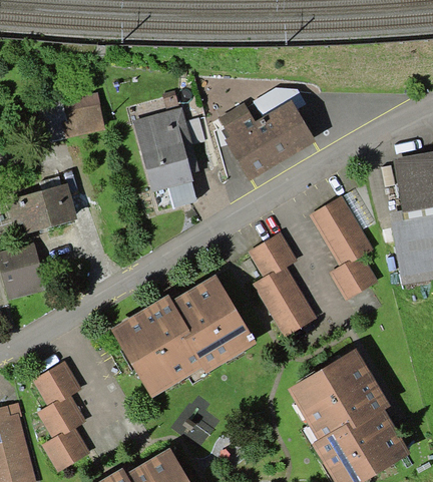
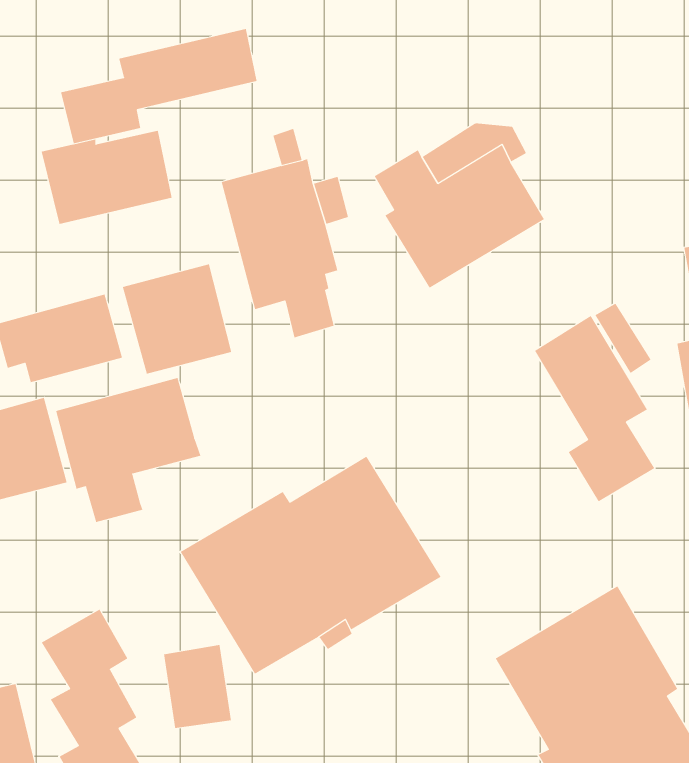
building: none -> [61,28,257,144]
building: none -> [122,264,232,375]
building: none -> [55,377,201,523]
building: [247,232,316,337] -> none
building: none -> [163,644,232,729]

